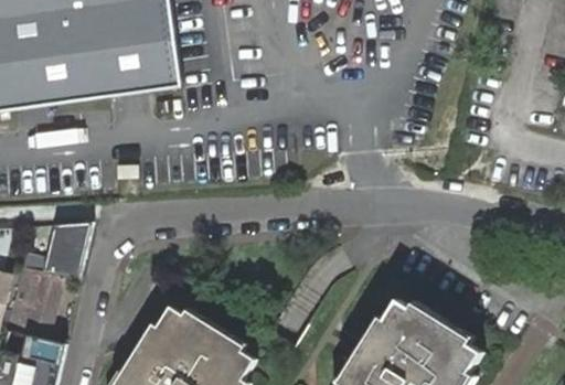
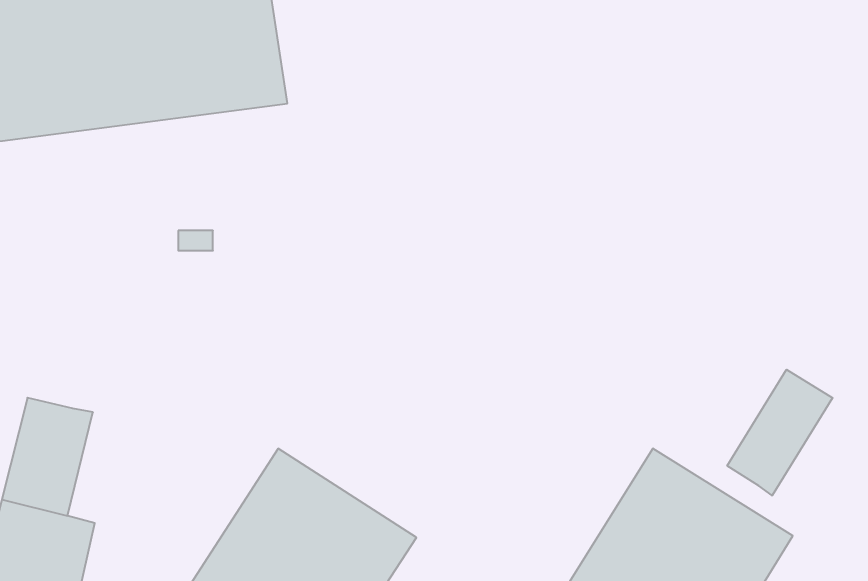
building: [46,223,88,280] -> none
building: none -> [727,370,833,496]

